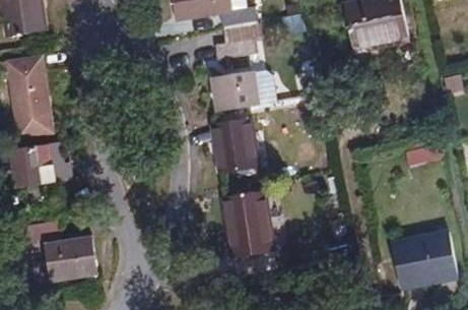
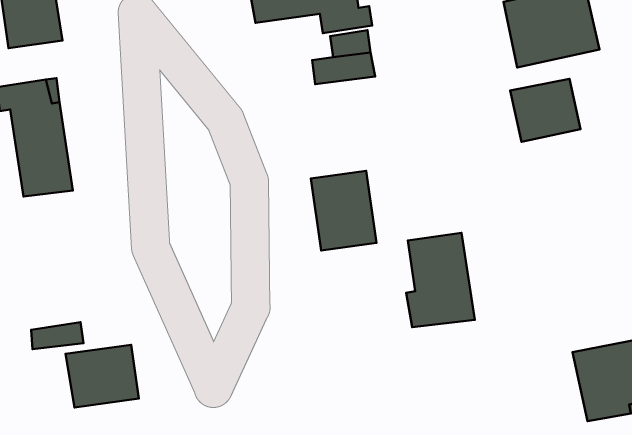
building: none -> [510,79,580,142]
building: [211,71,260,111] -> none
building: [10,142,70,188] -> none
building: [227,192,274,256] -> [406,233,475,327]

